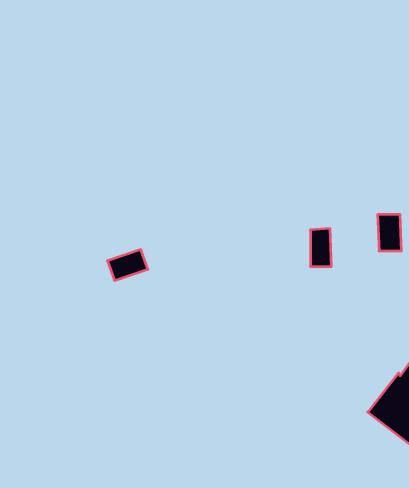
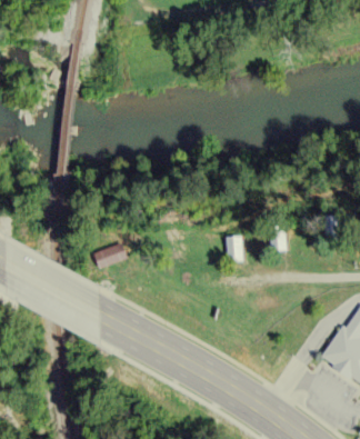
building: none -> [224,233,241,260]

